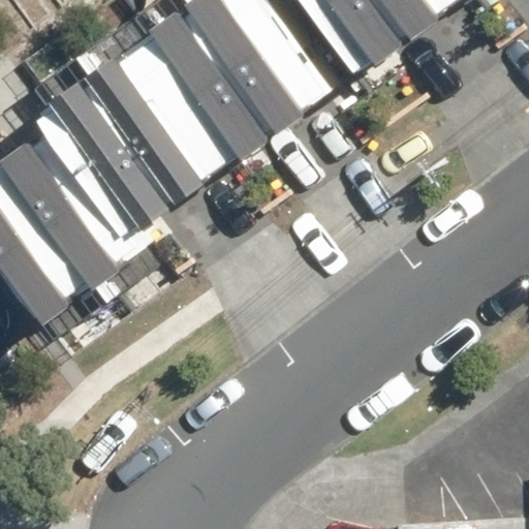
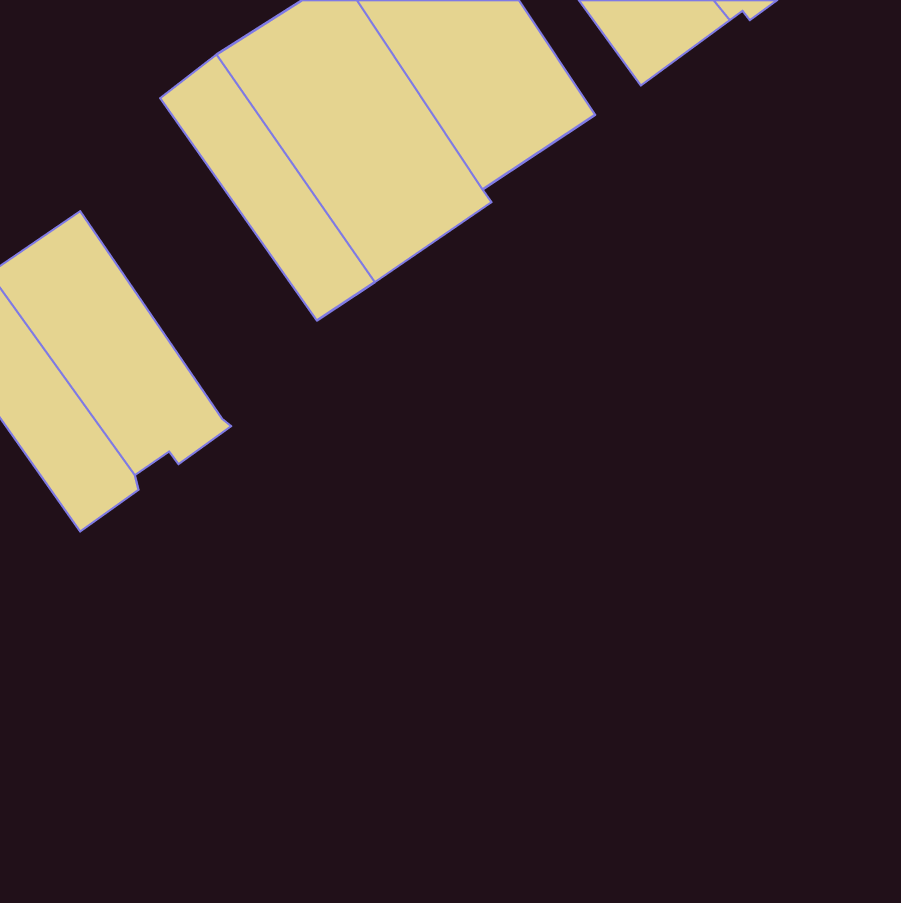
building: [42,71,180,253] -> none

